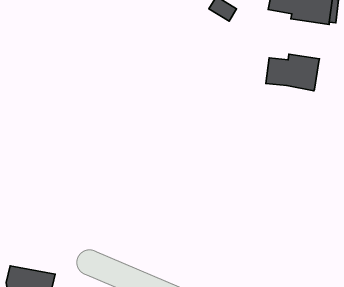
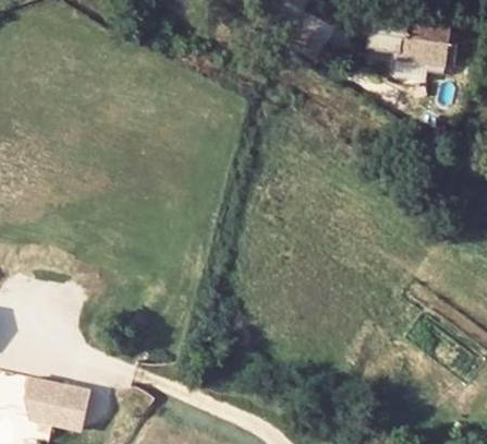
building: [266,54,320,91] -> none

